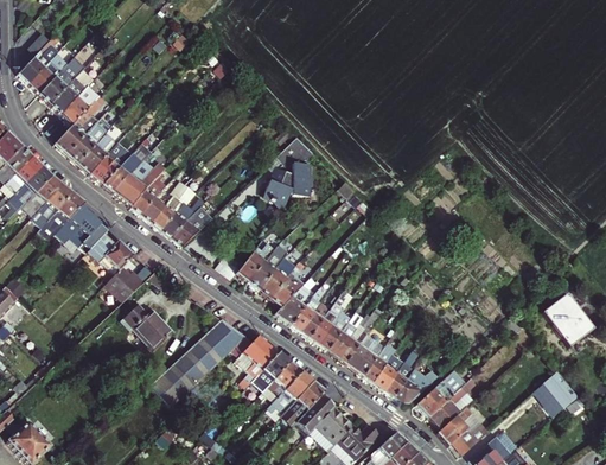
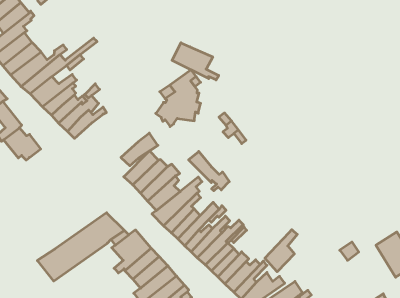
building: none -> [172,43,219,80]
building: [172,204,213,246] -> [121,133,158,166]
building: none -> [189,151,229,191]
building: [106,267,143,301] -> none
building: [121,304,174,351] -> none
building: none -> [265,230,297,272]

